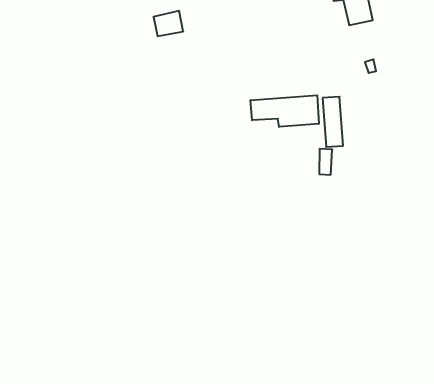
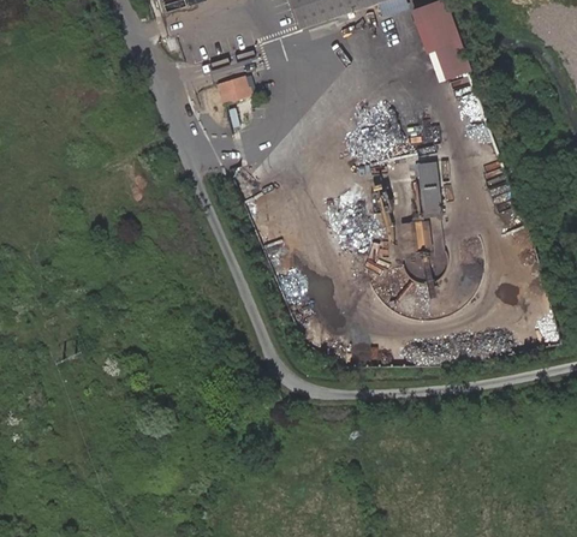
building: [251,95,319,127] -> none

